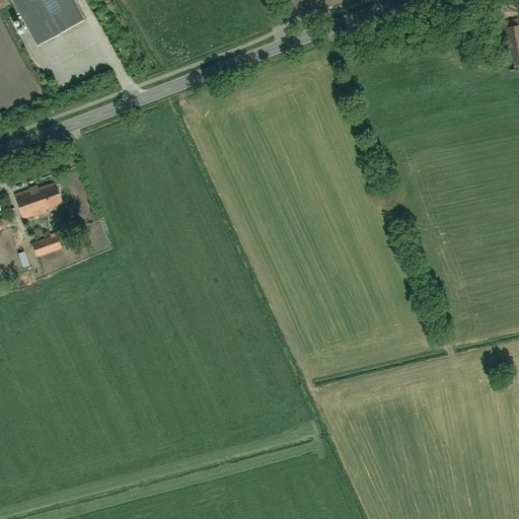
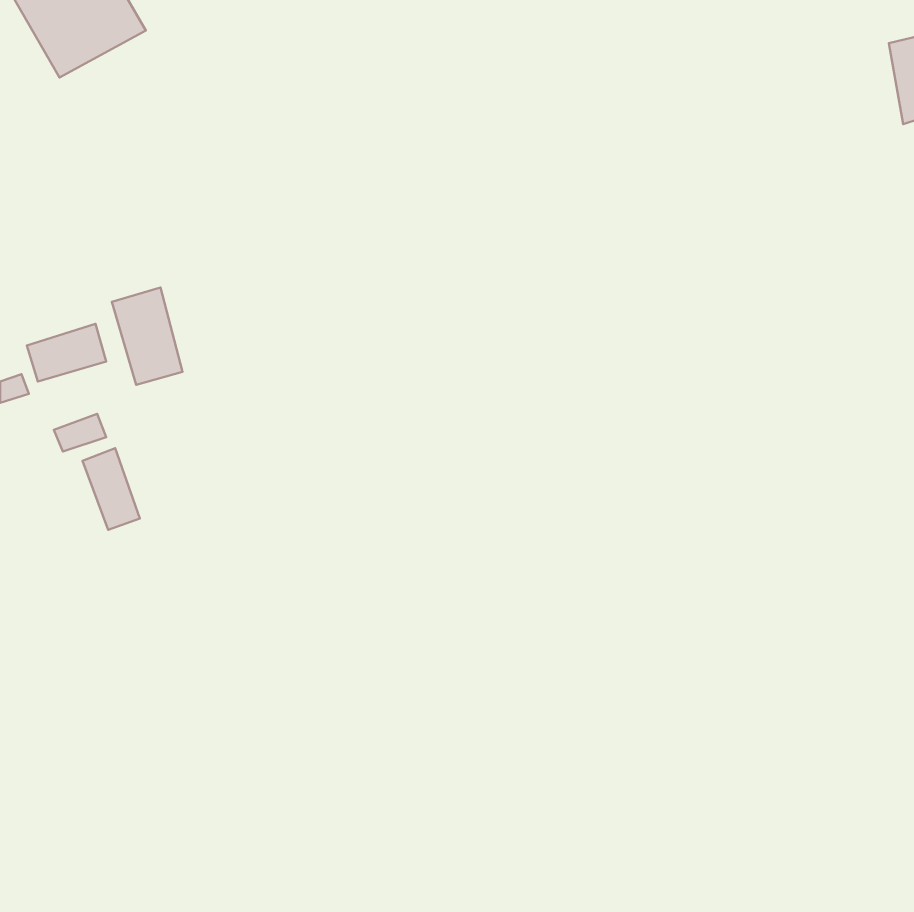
building: none -> [112,288,182,385]
building: none -> [82,448,140,530]

